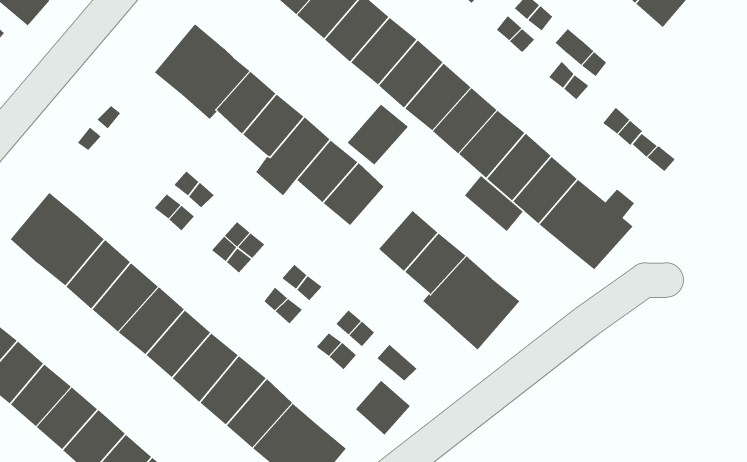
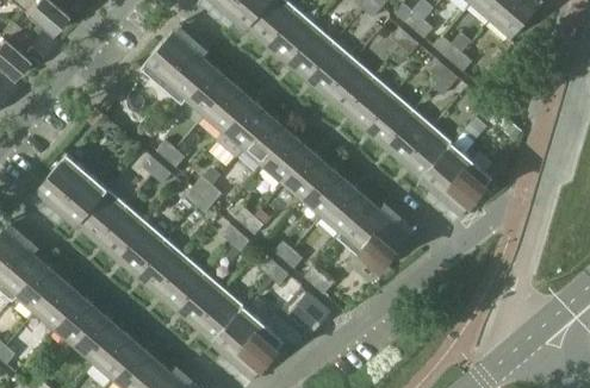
building: [346,103,409,166] -> [286,151,331,196]
building: [464,175,524,232] -> none

